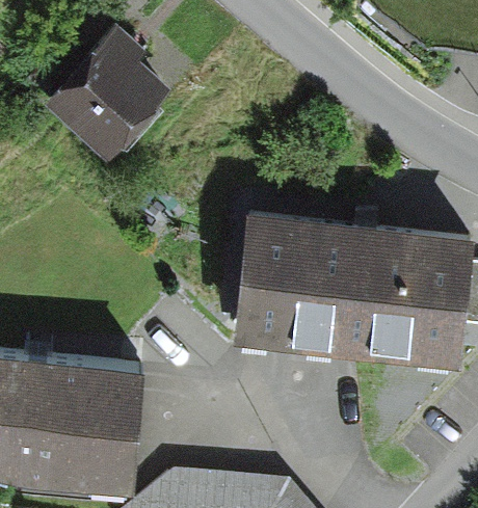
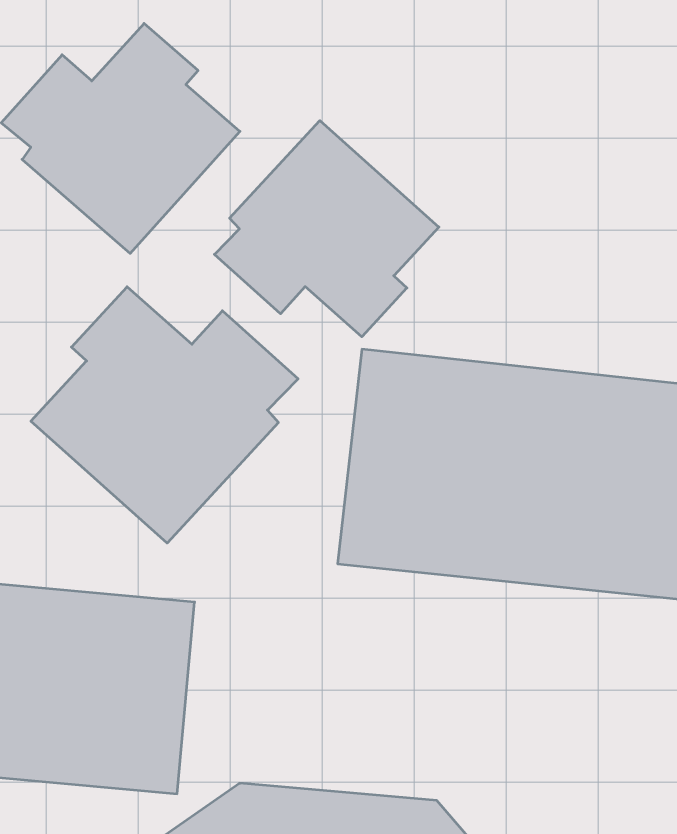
building: none -> [214,121,439,337]
building: none -> [31,287,298,543]

